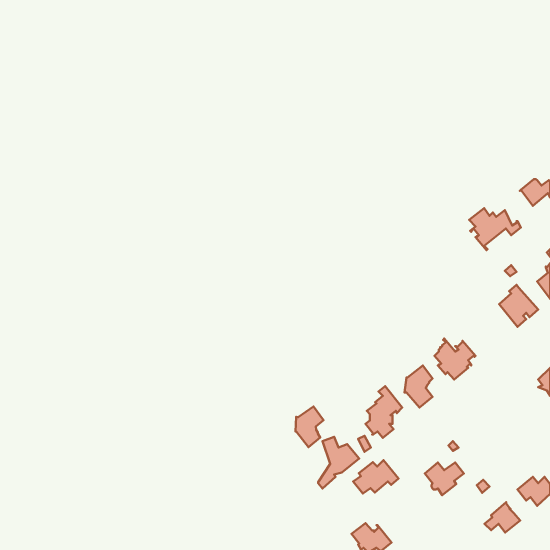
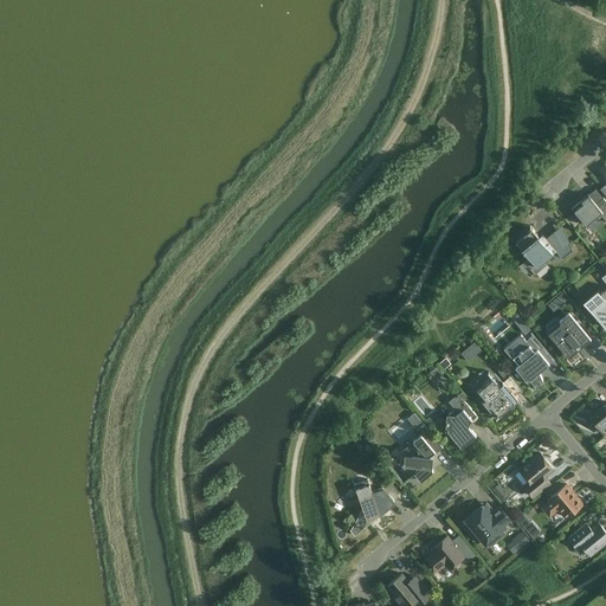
building: none -> [512,334,553,387]
building: [295,407,324,447] -> none
building: none -> [518,454,553,497]
building: [353,460,399,494] -> [425,535,475,572]
building: [485,502,520,532] -> [542,485,581,518]

